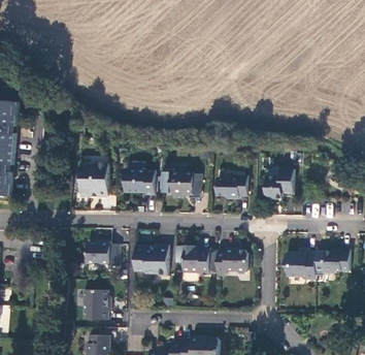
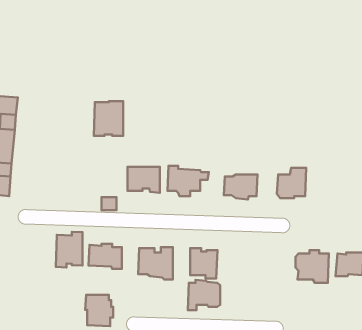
building: [79,162,107,195] -> [94,101,123,136]
building: none -> [56,232,83,267]
building: [215,247,246,276] -> [188,280,220,310]

